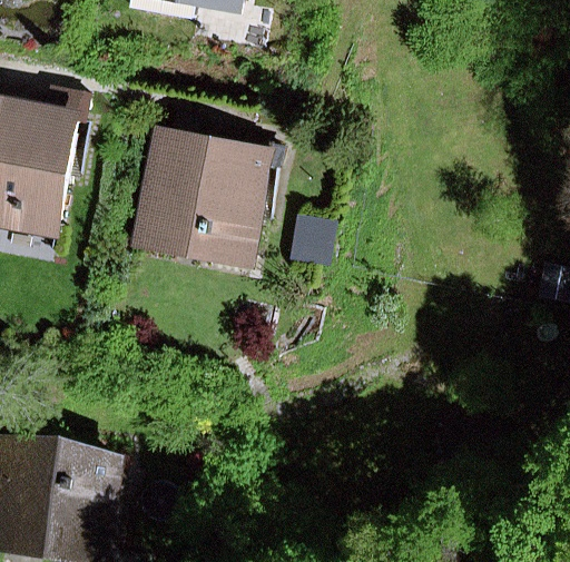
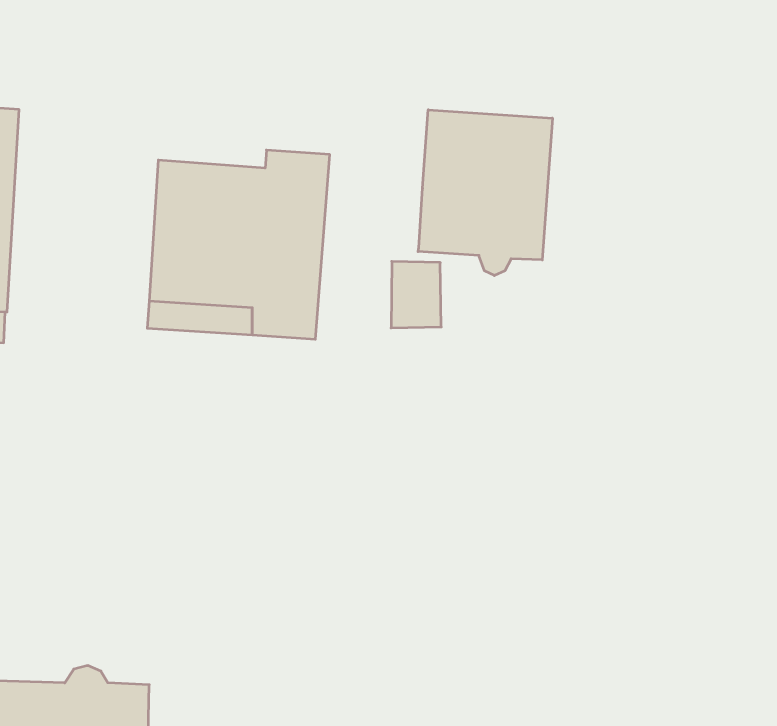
building: none -> [418,110,552,276]

